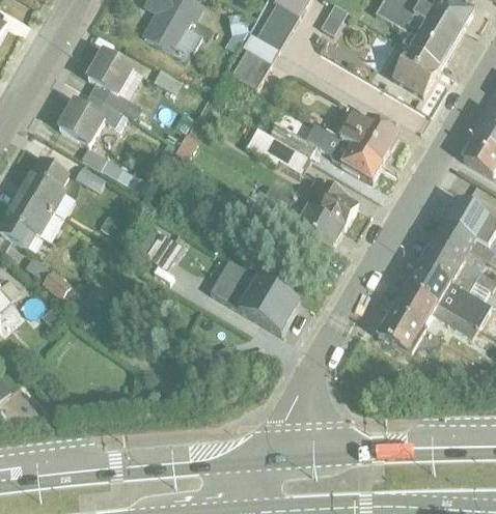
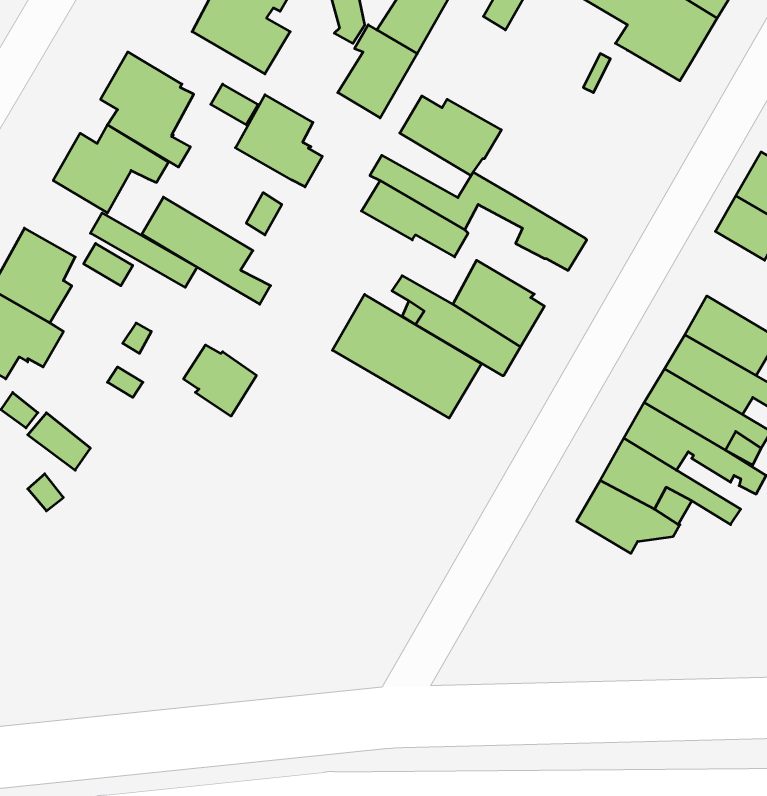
building: [390,47,440,95] -> none
building: none -> [235,95,322,187]
building: [338,113,401,162] -> [400,96,501,176]
building: none -> [142,197,271,304]
building: [209,258,300,334] -> [332,294,482,418]

